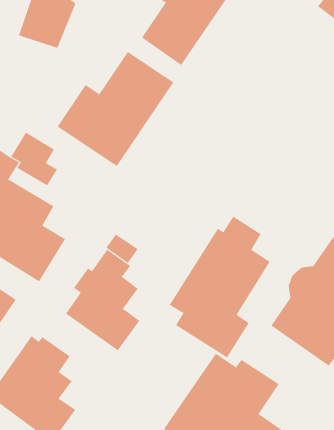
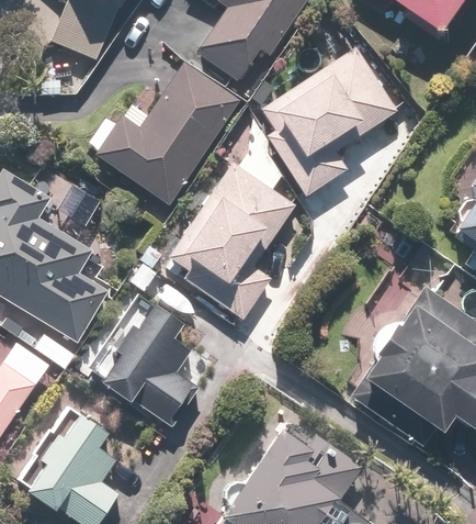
building: none -> [253,48,398,198]
building: [169,216,271,358] -> [173,149,295,320]

